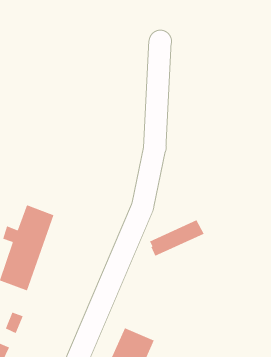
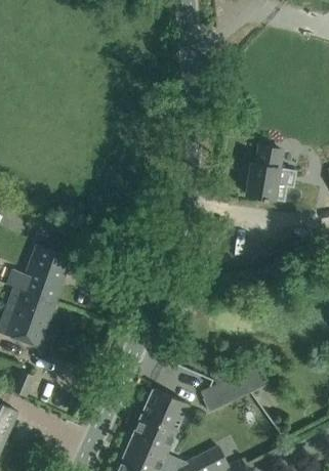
building: none -> [247,145,295,200]
building: [149,219,205,257] -> [202,367,268,411]

